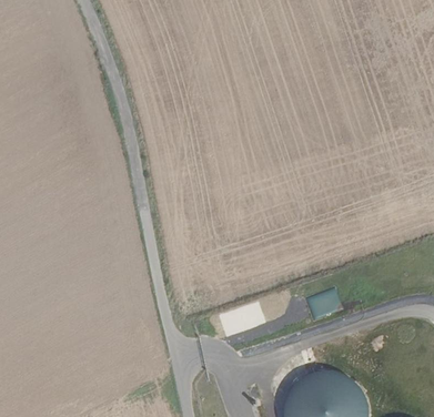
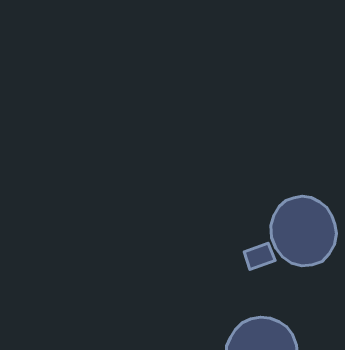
building: none -> [271,196,337,266]

